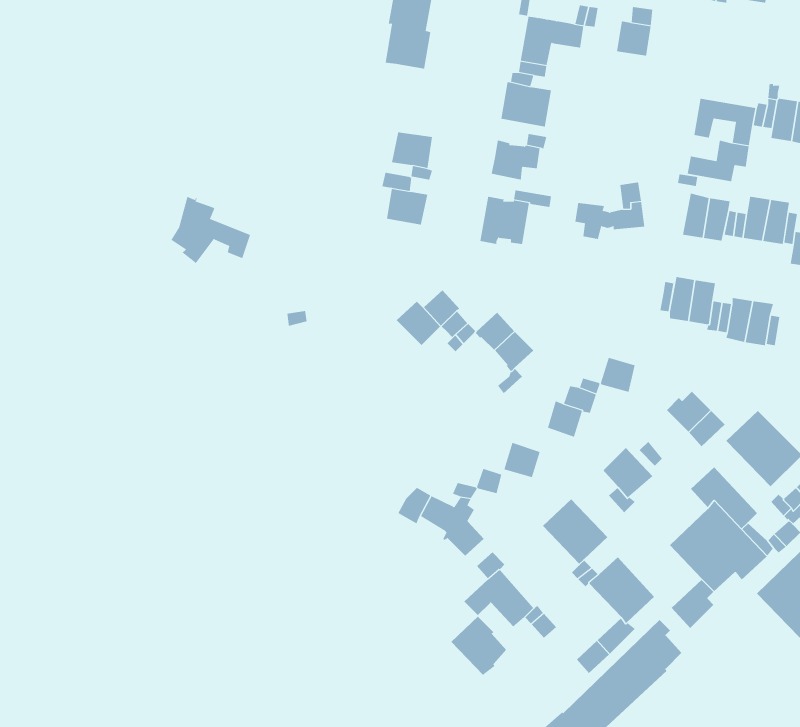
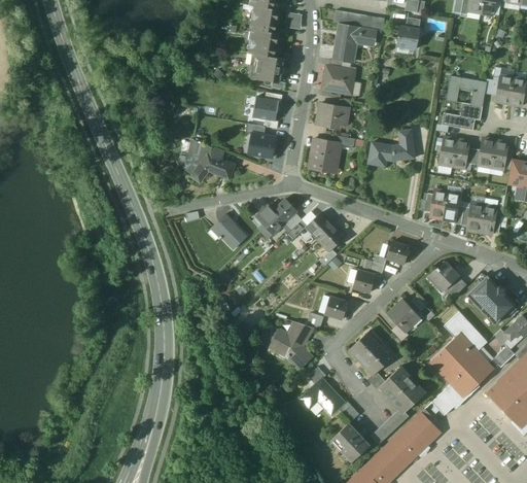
building: none -> [248,55,284,82]
building: [171,196,251,264] -> [183,140,235,183]
building: none -> [212,213,246,248]
building: [451,616,507,676] -> [330,423,366,461]

